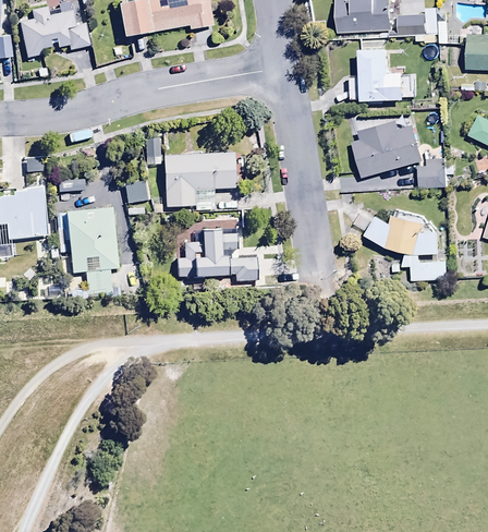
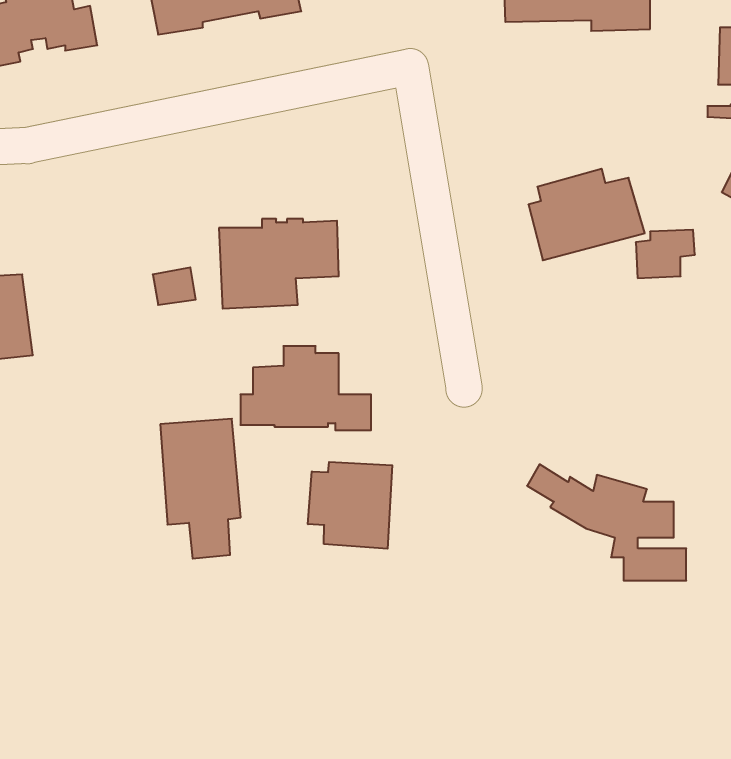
building: [351,49,415,101] -> none
building: [68,207,117,292] -> [160,419,241,559]
building: [352,209,449,280] -> [527,464,686,581]
building: none -> [308,462,392,549]

